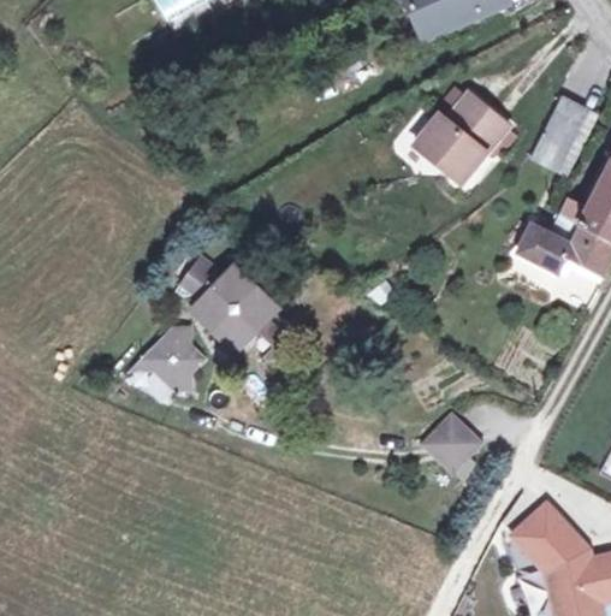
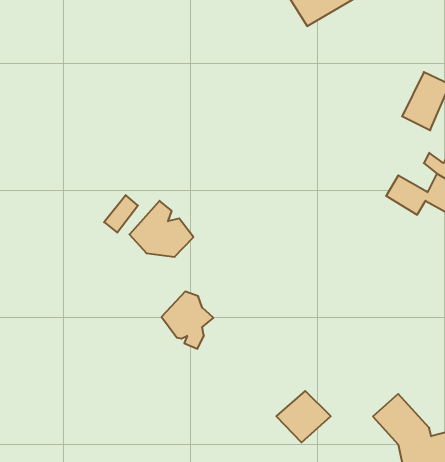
building: [426,84,521,176] -> none
building: [142,324,208,397] -> [162,292,213,349]
building: [408,414,477,480] -> [276,391,331,442]

